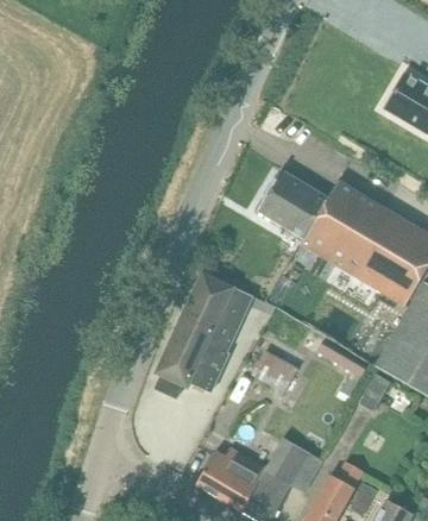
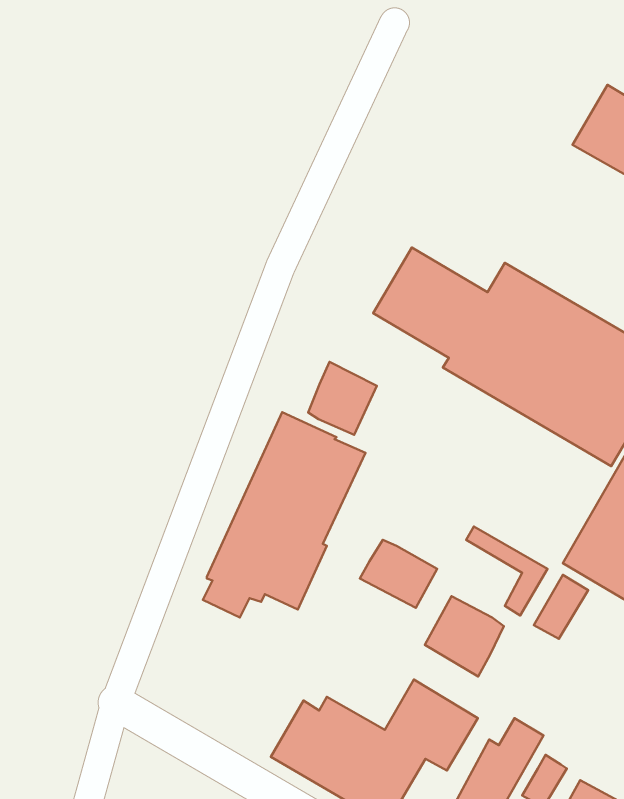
building: none -> [308,362,377,435]
building: none -> [425,596,504,677]

